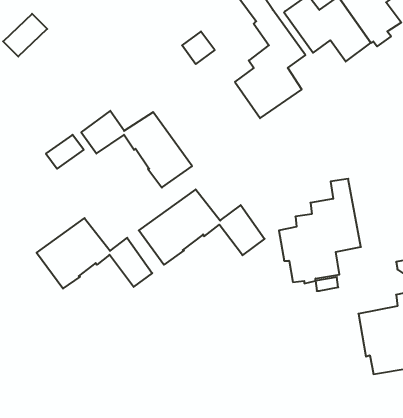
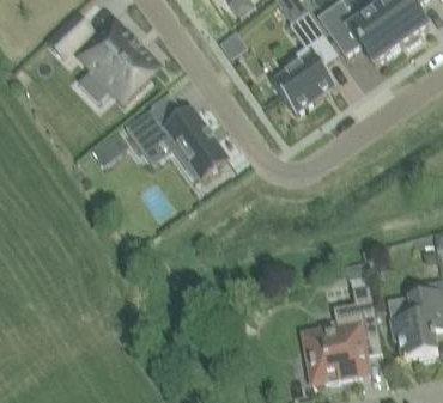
building: none -> [79,23,159,103]
building: [279,179,361,283] -> [303,286,381,385]
building: [139,189,265,265] -> none
building: [37,218,152,289] -> none

